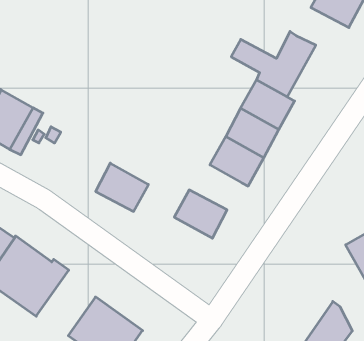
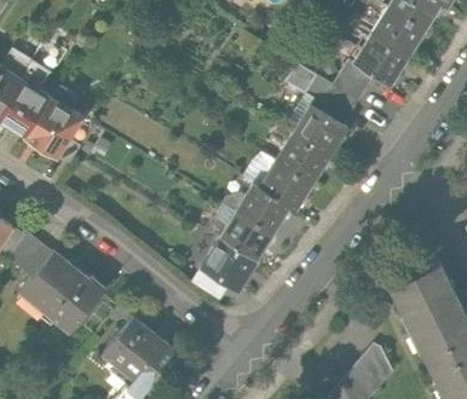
building: none -> [353,37,408,88]
building: none -> [234,187,288,238]
building: [96,163,148,211] -> [200,242,254,293]

